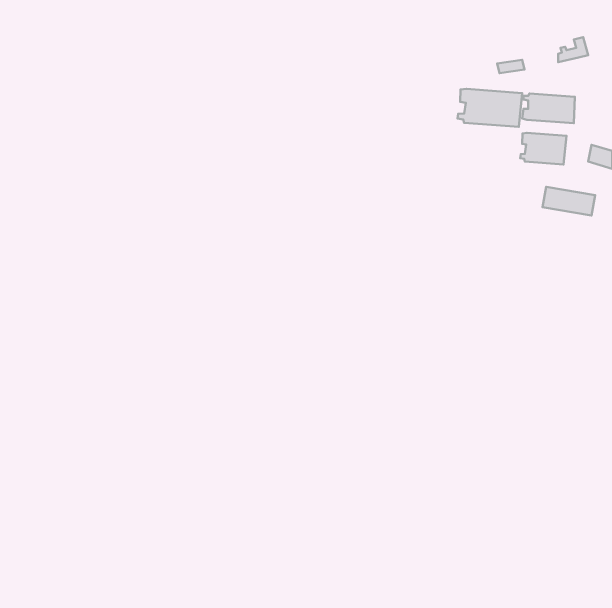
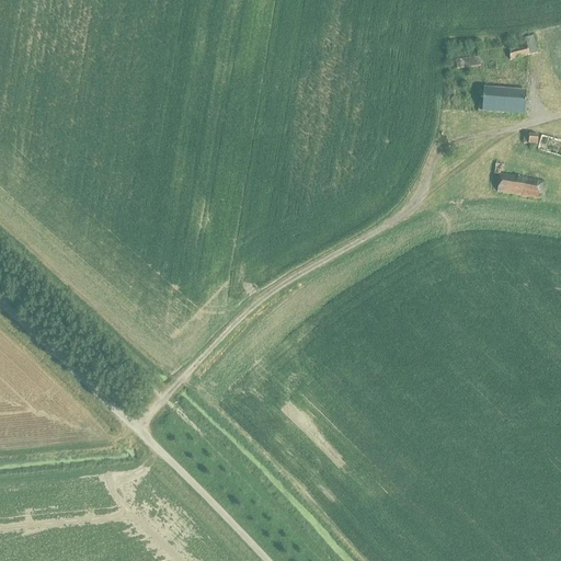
building: [458,89,522,127] -> none
building: [520,133,567,164] -> none

